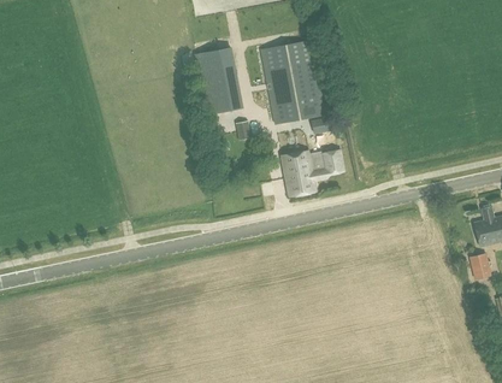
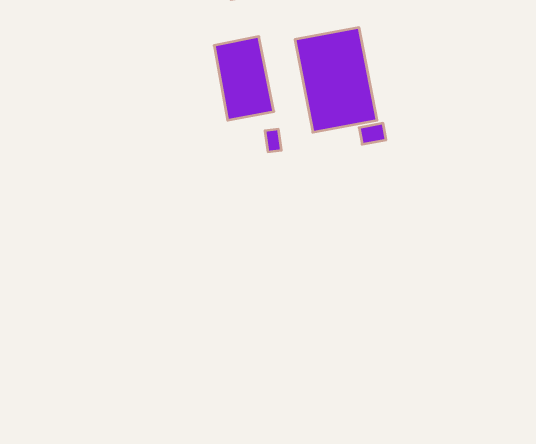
building: [280,149,343,195] -> none

